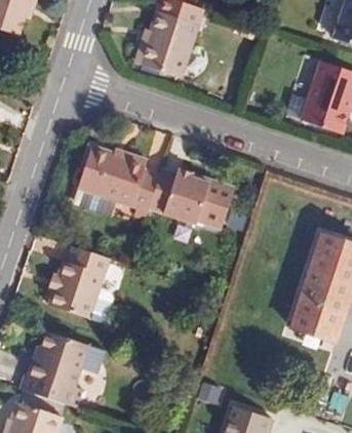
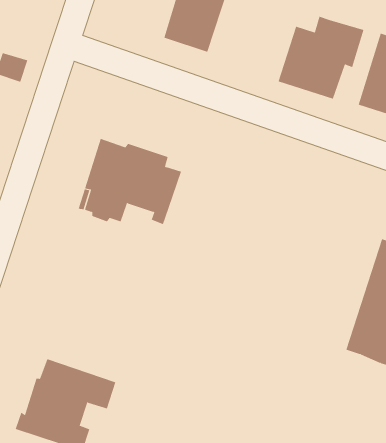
building: none -> [278,16,364,99]
building: [147,167,230,224] -> none
building: [52,250,112,323] -> none

